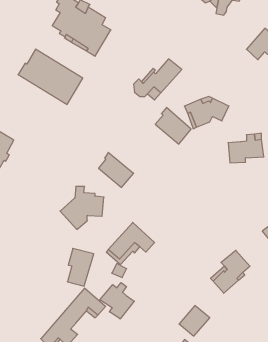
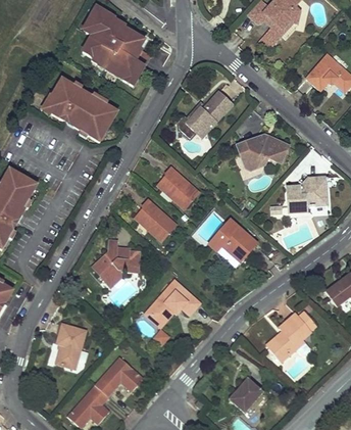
building: [155,107,191,144] -> [157,164,199,207]
building: none -> [210,218,258,260]
building: [67,248,94,286] -> [55,324,86,368]
building: [100,283,134,319] -> none

